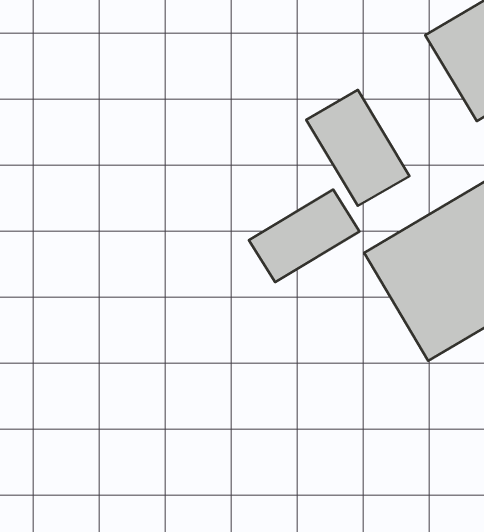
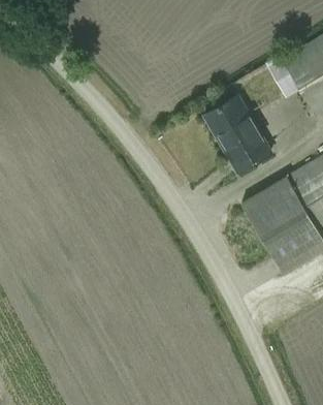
building: [249,190,359,282] -> none

